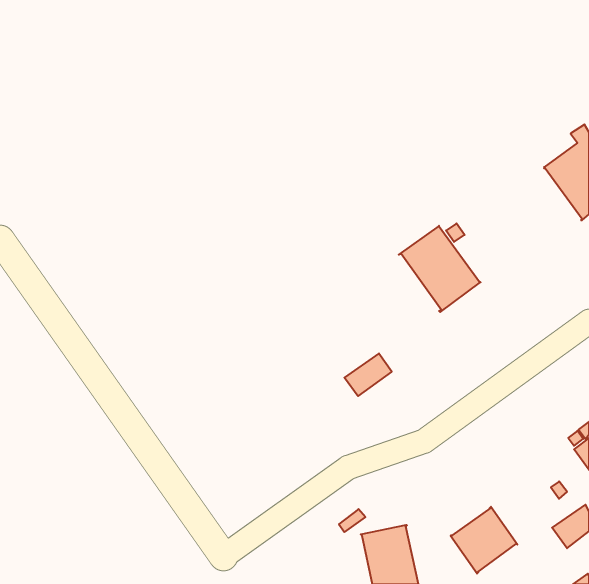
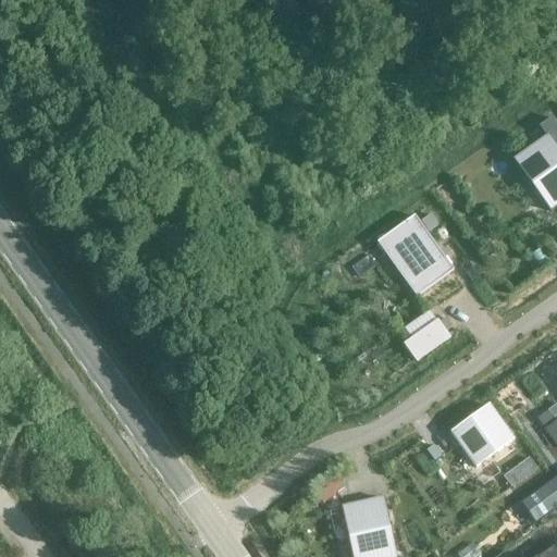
building: [344,353,392,396] -> [401,321,446,361]
building: [451,507,517,574] -> [450,403,513,466]

